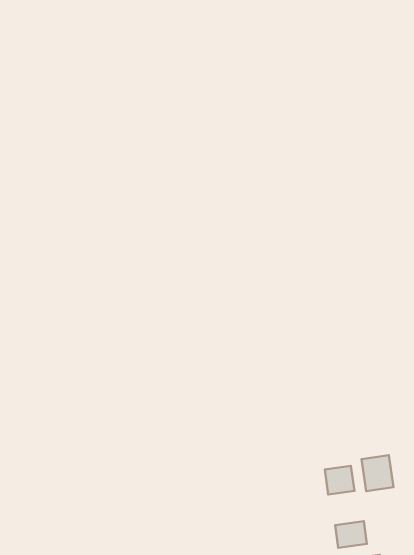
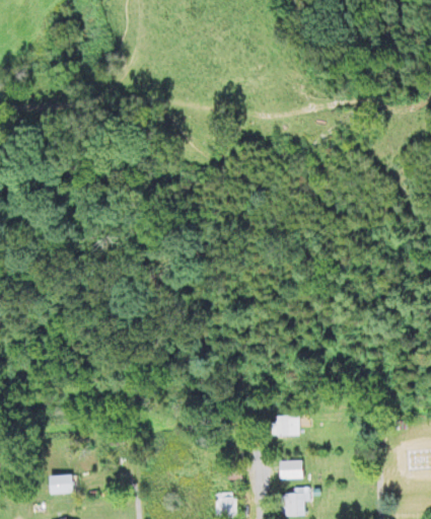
building: [362,455,393,491] -> none

